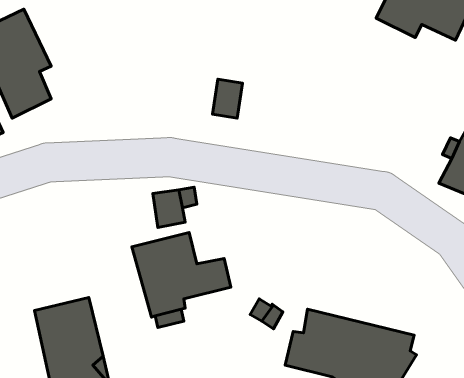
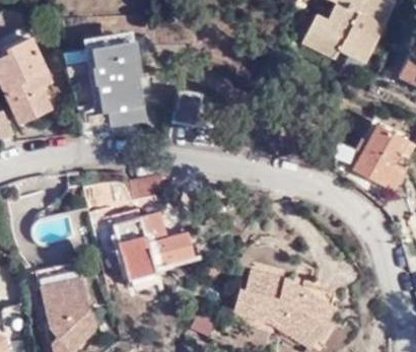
building: none -> [95,44,143,125]

